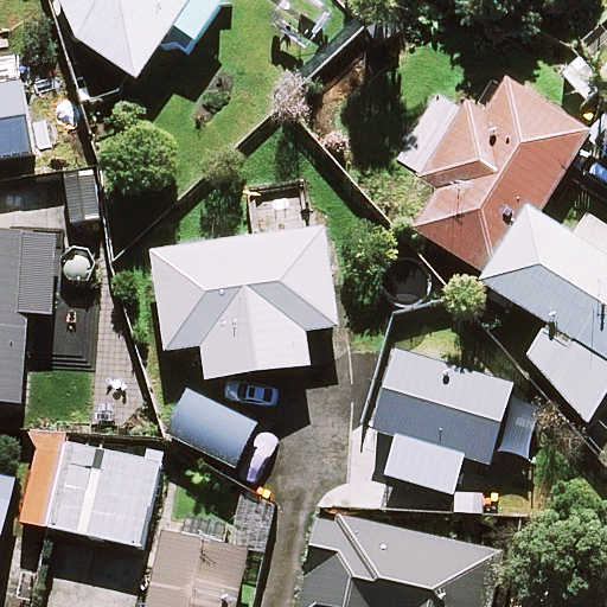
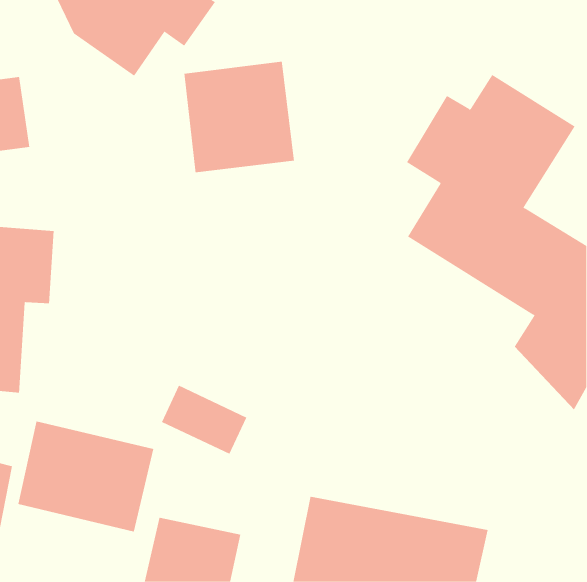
building: none -> [184,61,295,173]
building: [152,226,337,378] -> none
building: [370,346,512,490] -> none

